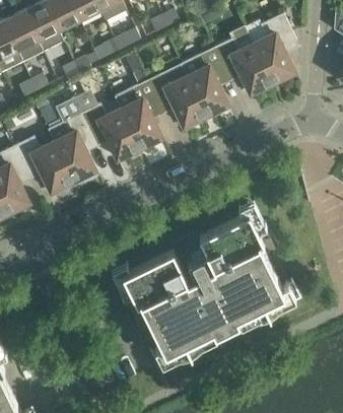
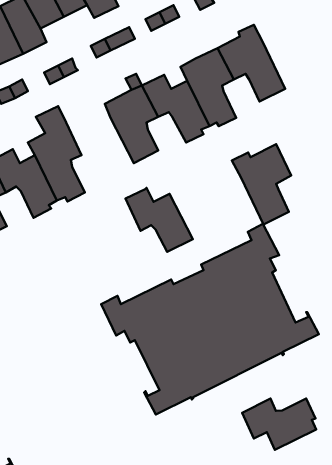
building: [244,13,295,83] -> [232,144,291,224]
building: [80,104,139,159] -> [125,188,193,252]
building: none -> [242,398,316,450]

